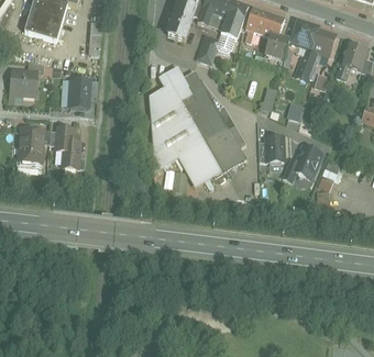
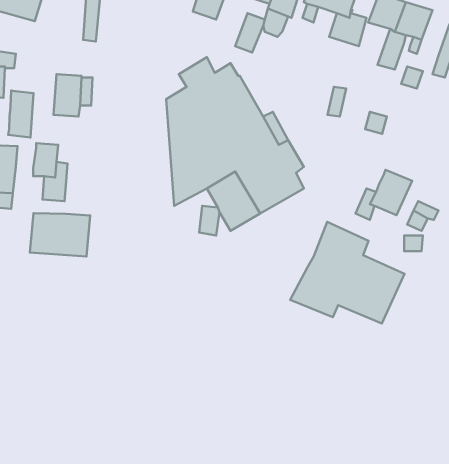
building: none -> [8,90,34,137]
building: [265,135,284,160] -> none
building: none -> [30,213,90,257]
building: none -> [290,222,405,324]

